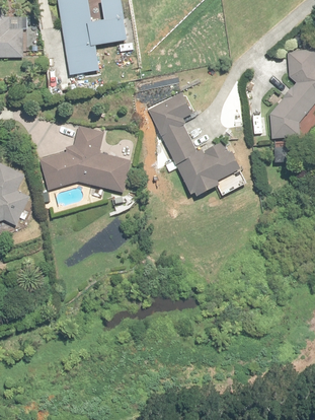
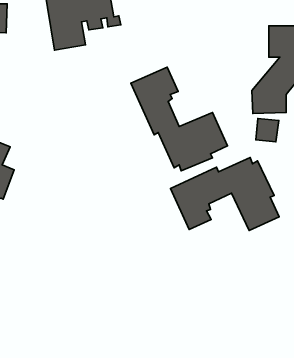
building: [41,126,133,191] -> none
building: none -> [170,158,279,230]

